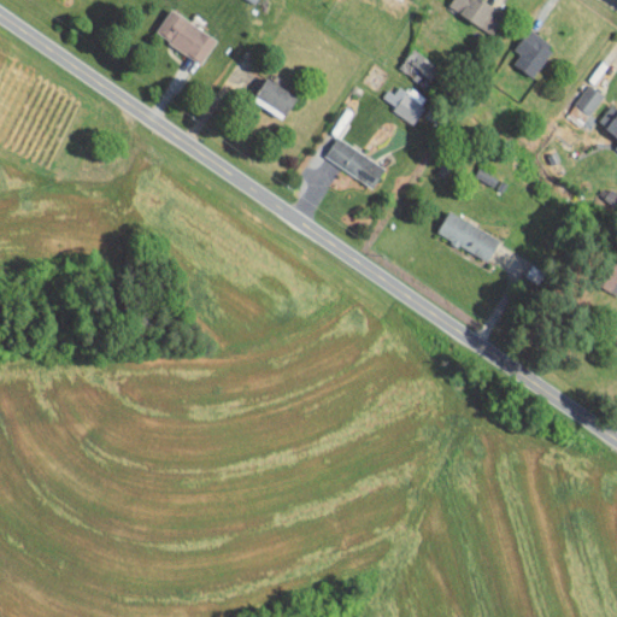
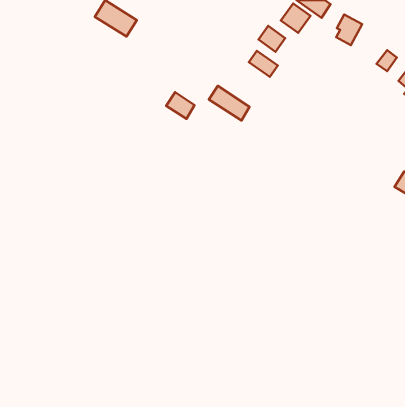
building: none -> [281,3,311,33]
building: [255,78,298,118] -> [166,92,195,119]
building: [437,212,500,263] -> none

